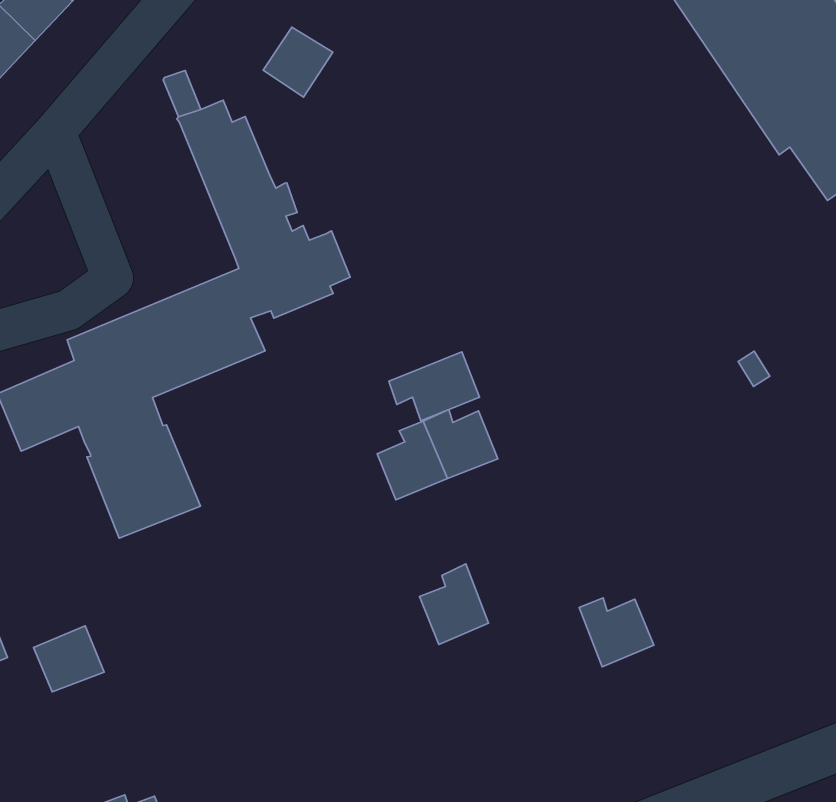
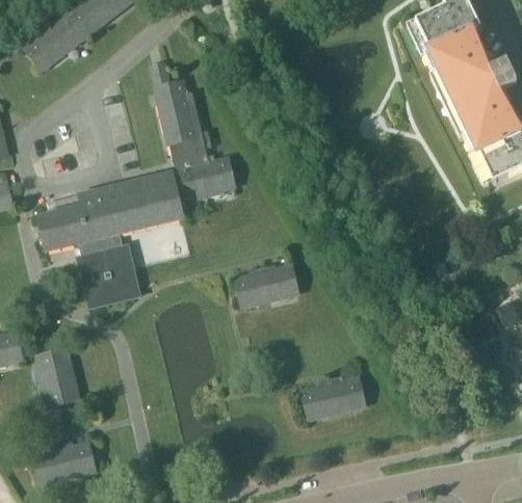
building: [263,27,333,97] -> none
building: [389,352,480,421] -> none
building: [420,564,489,645] -> [303,378,337,419]
building: none -> [44,374,79,406]

